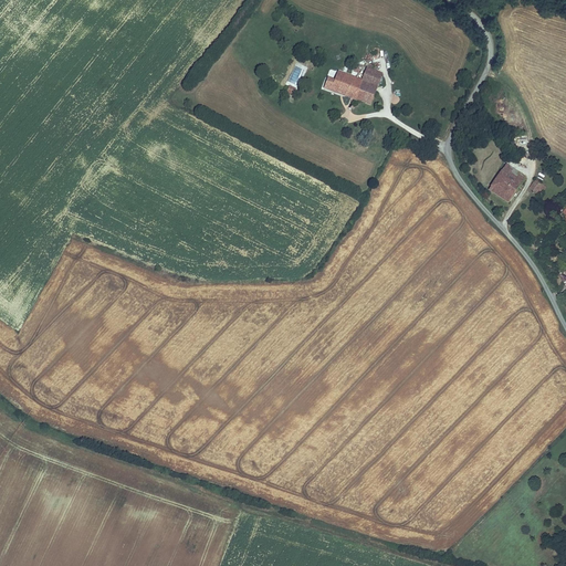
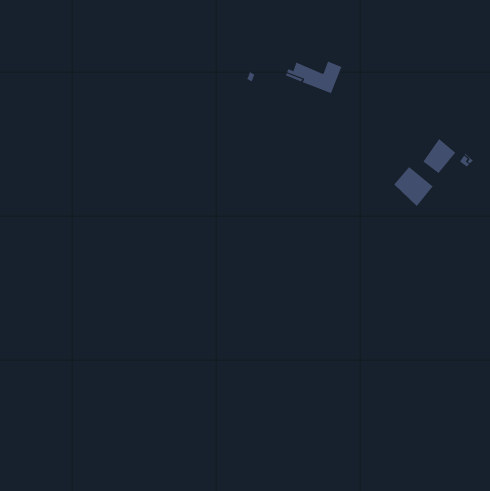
building: none -> [393,166,434,207]

